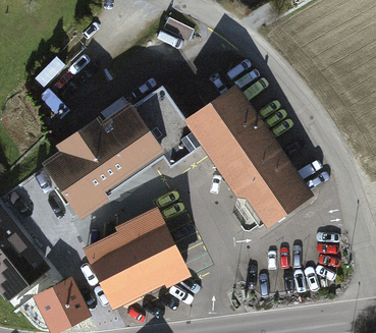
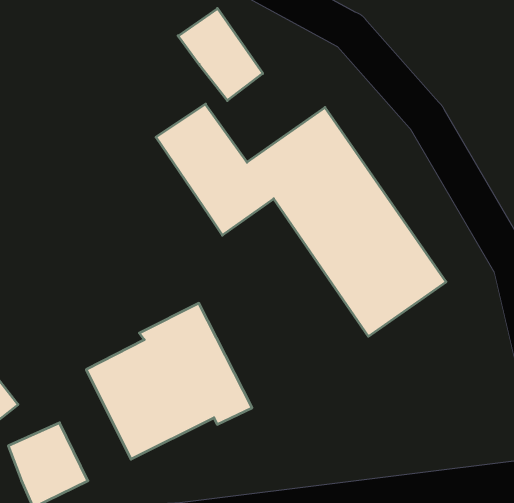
building: none -> [178,8,263,101]
building: [44,106,162,212] -> none

